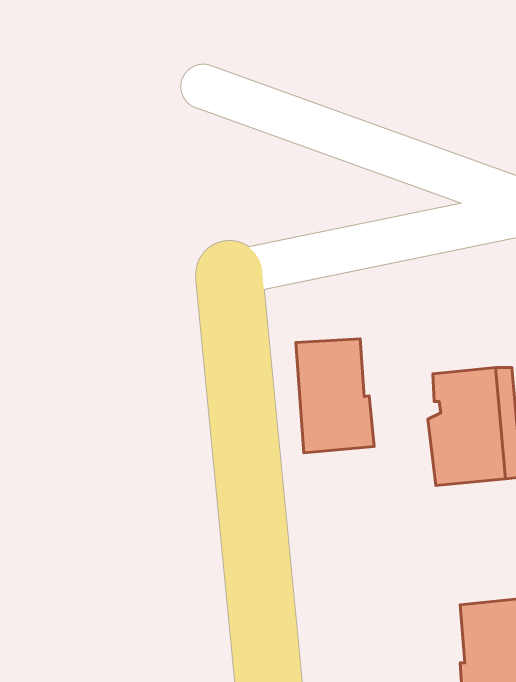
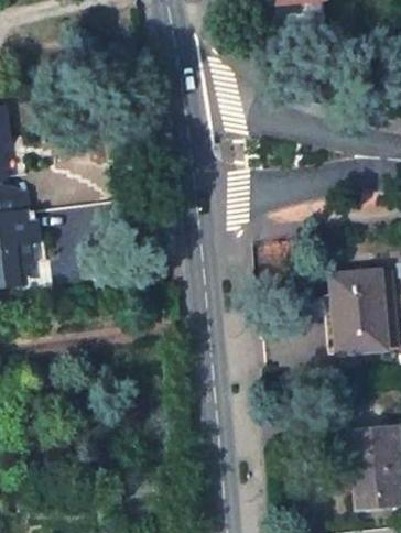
building: [296,339,374,453] -> none

